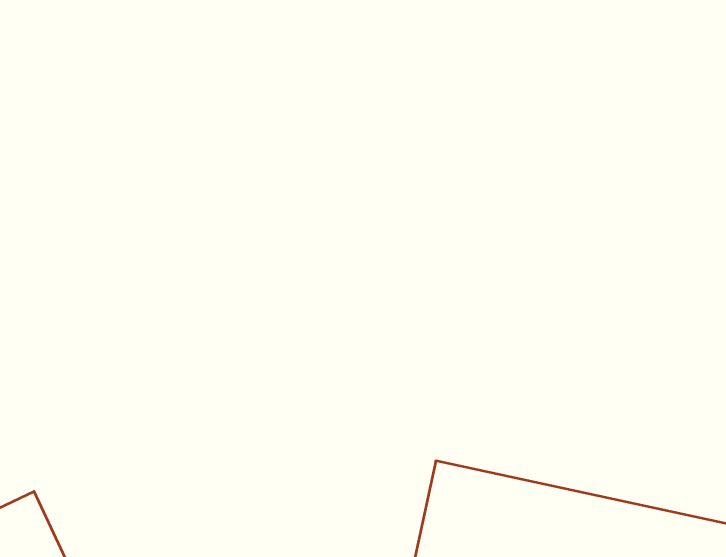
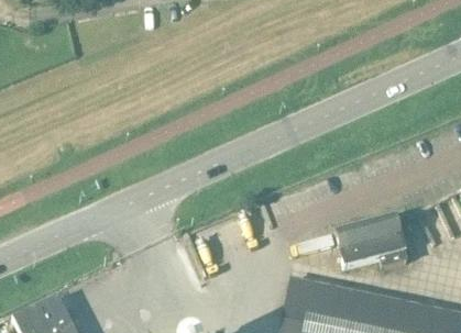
building: none -> [334,215,406,265]

